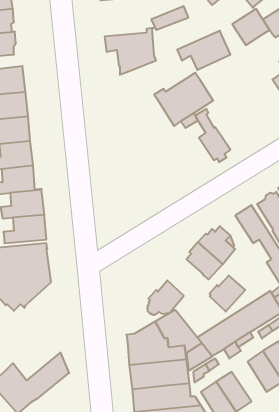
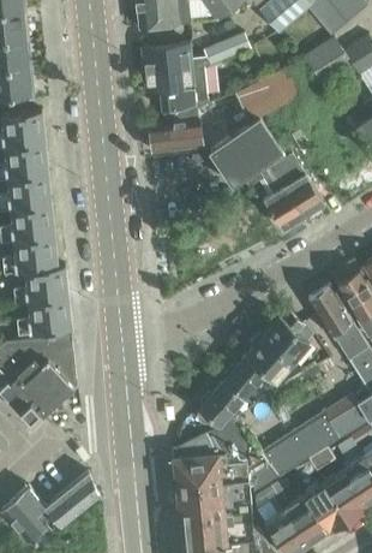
building: none -> [142,44,206,73]
building: none -> [149,108,202,151]
building: none -> [272,153,324,216]
building: [210,275,245,312] -> [223,355,268,400]
building: none -> [304,483,348,534]

